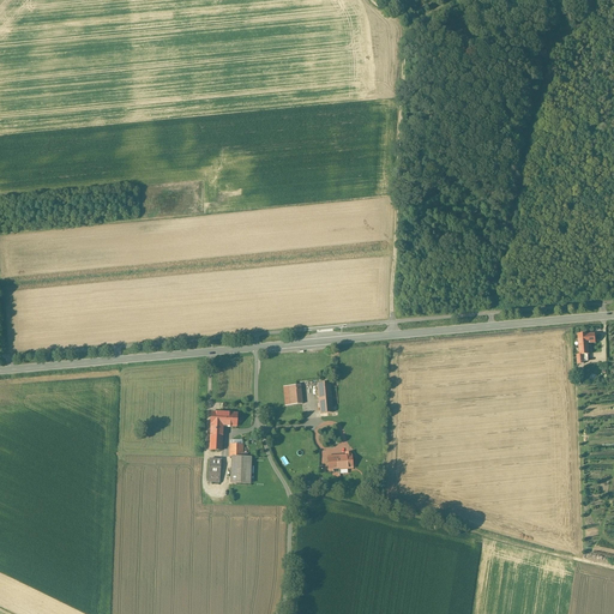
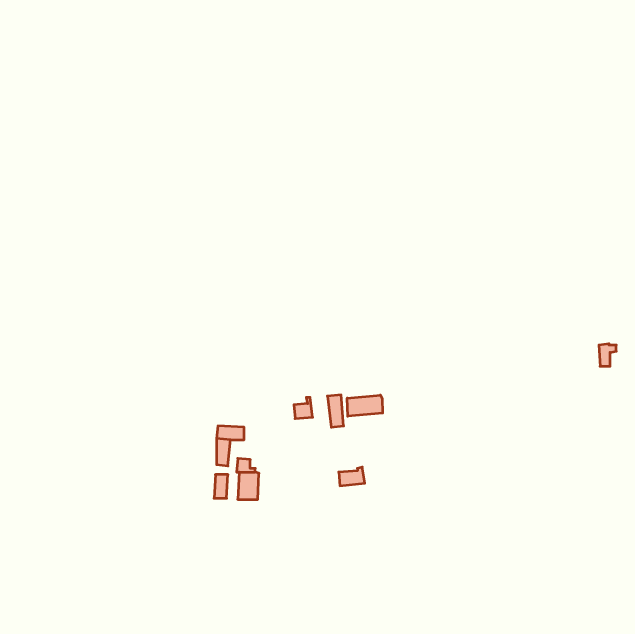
building: none -> [347,395,383,416]

